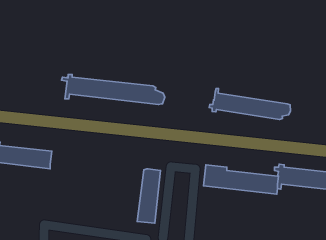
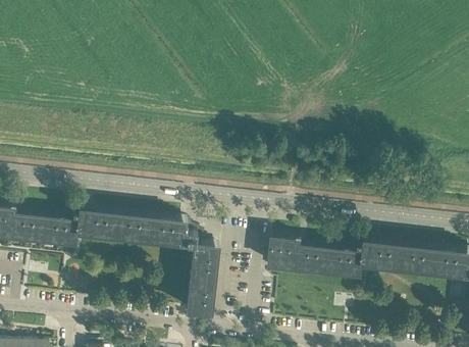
building: [62,75,165,105] -> [71,207,202,245]
building: [209,88,291,119] -> none

